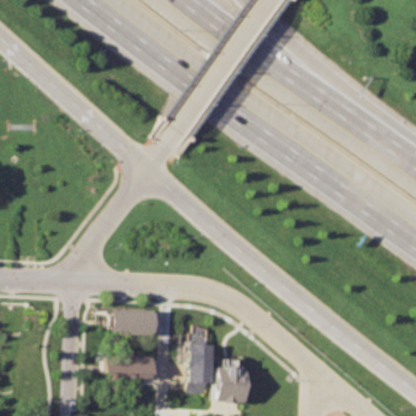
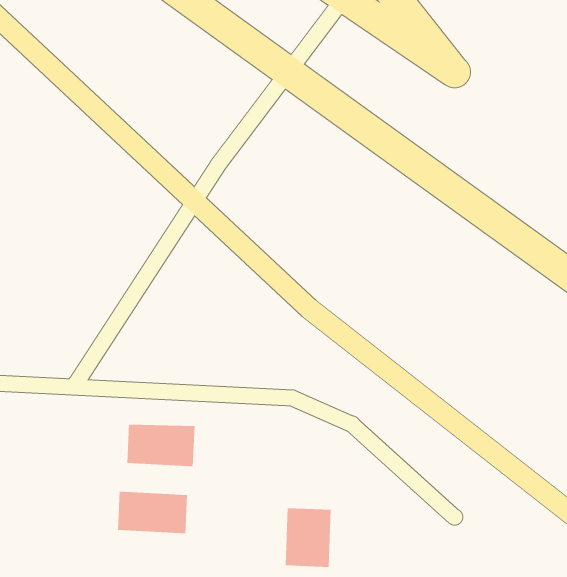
building: [184,343,208,392] -> none

